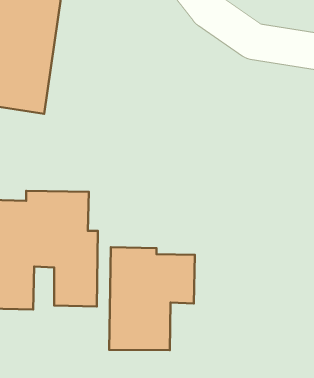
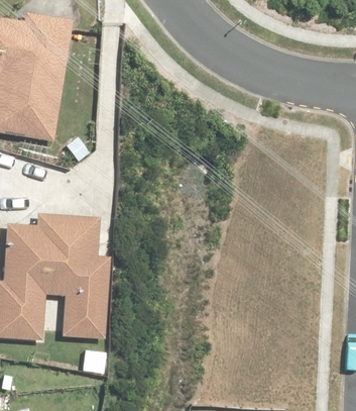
building: [109,247,195,350] -> none

